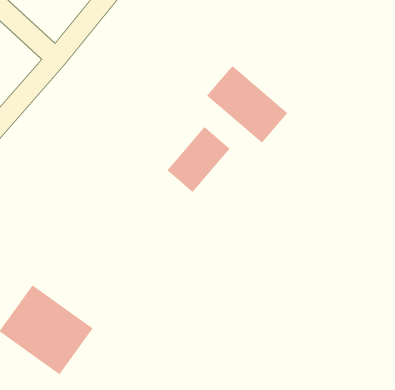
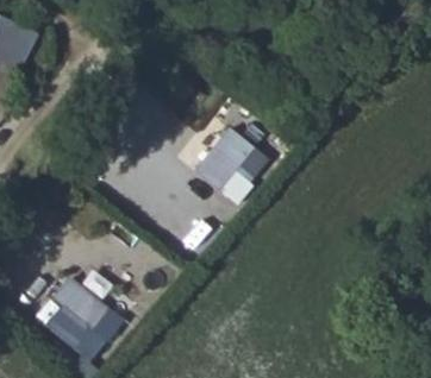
building: [206,65,288,144] -> none

